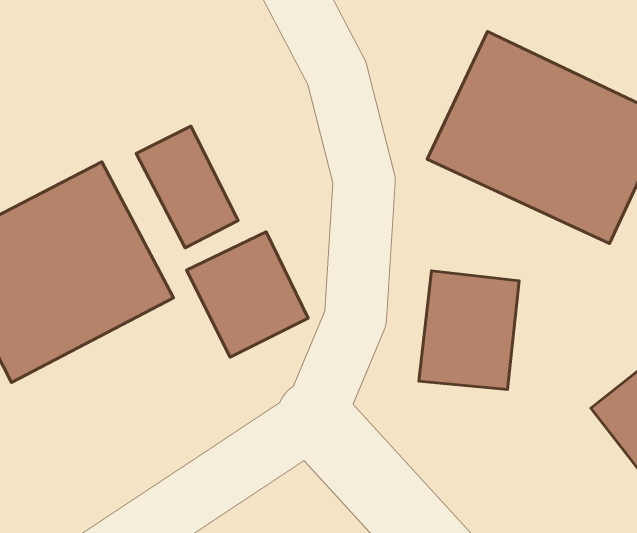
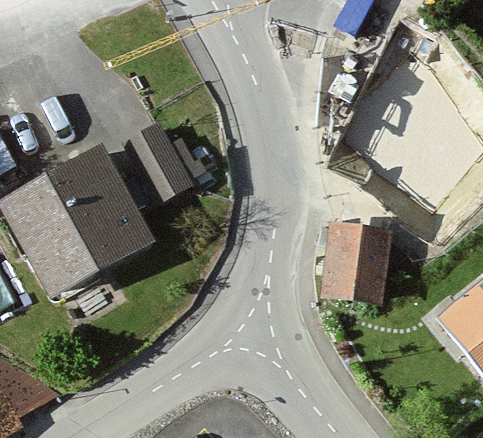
building: [187,232,308,357] -> none

